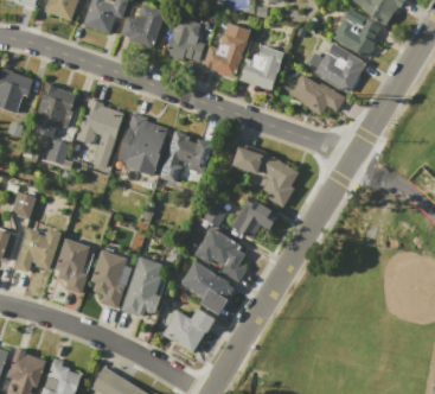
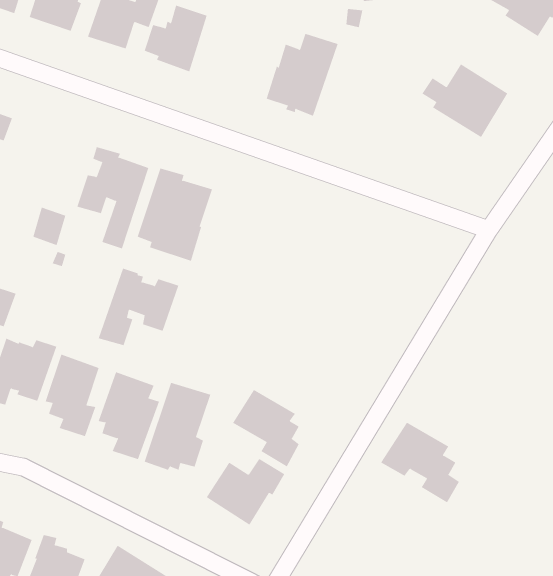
building: [332,8,380,58] -> none
building: [166,15,205,64] -> none
building: [238,45,284,91] -> none
building: [290,75,346,116] -> none
building: [31,83,76,136] -> none
building: [159,131,213,183] -> [98,268,179,346]
building: [231,145,299,206] -> none
building: [230,196,277,243] -> none
building: [193,227,247,281] -> [380,422,460,503]

